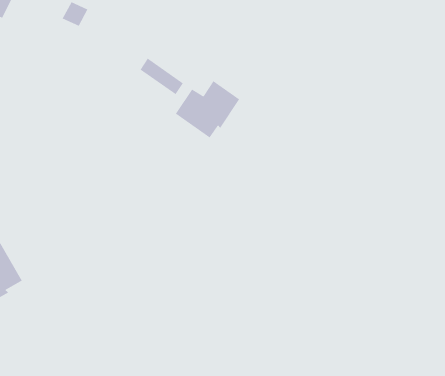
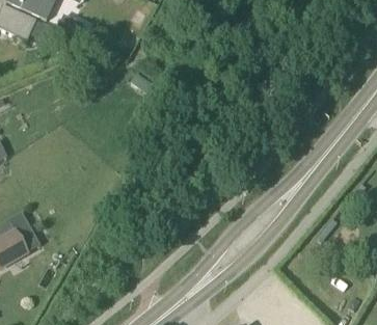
building: [175,80,240,139] -> none

